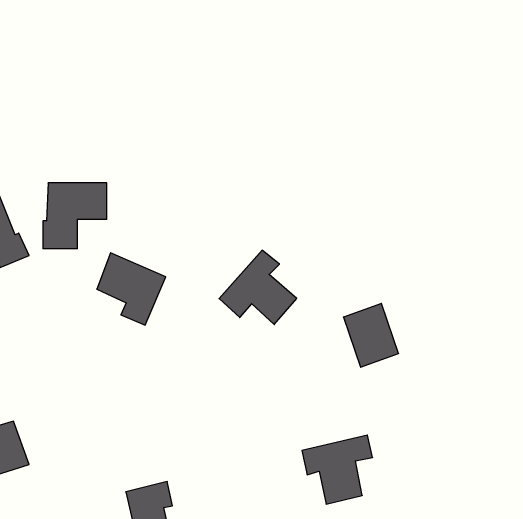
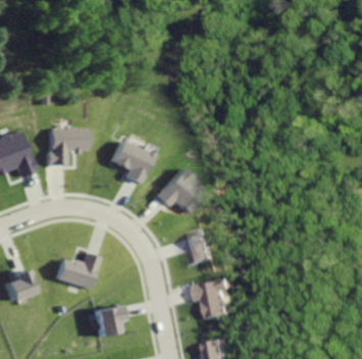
building: [97,253,166,325] -> [109,140,150,183]
building: [343,303,399,367] -> [187,229,219,267]
building: none -> [59,252,99,288]

